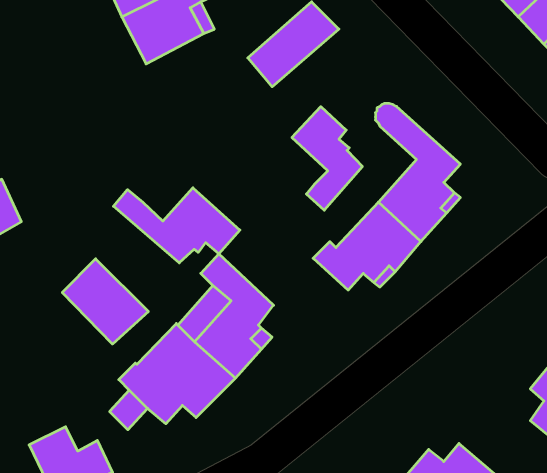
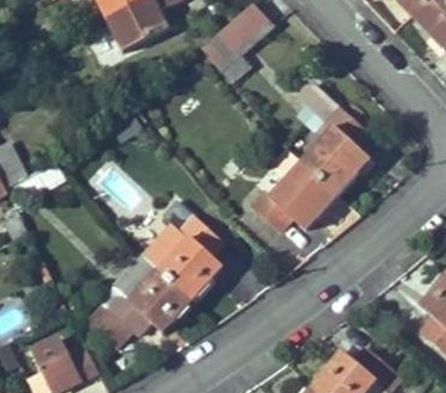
building: [292,107,362,210] -> none
building: [113,188,240,263] -> none
building: [62,259,148,344] -> none

